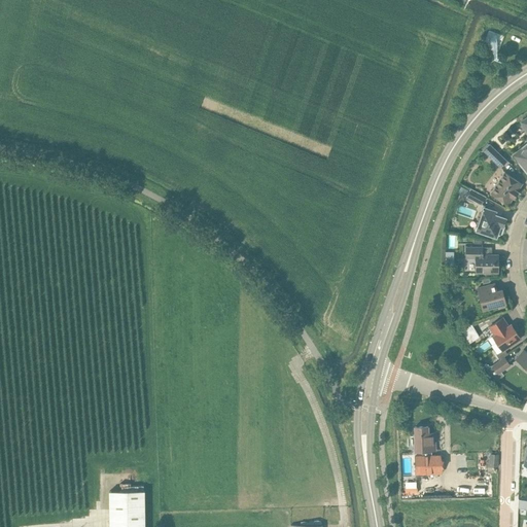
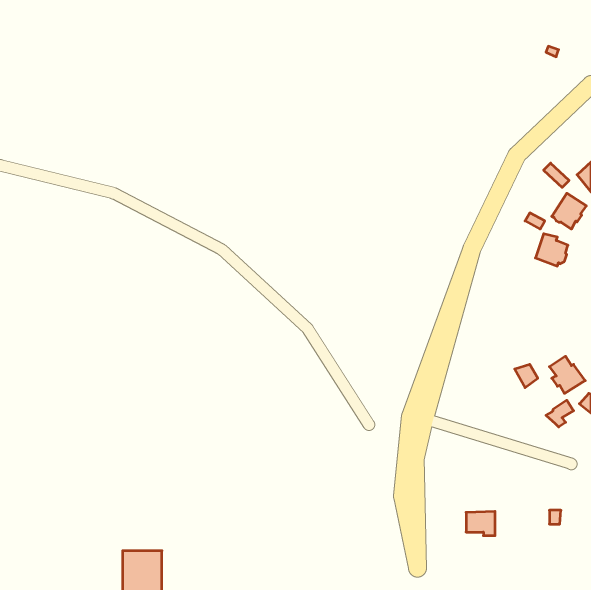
building: [466,248,498,273] -> none
building: [478,285,505,311] -> none
building: [414,427,435,453] -> none

